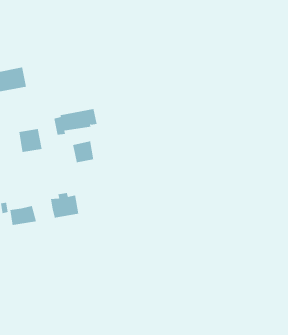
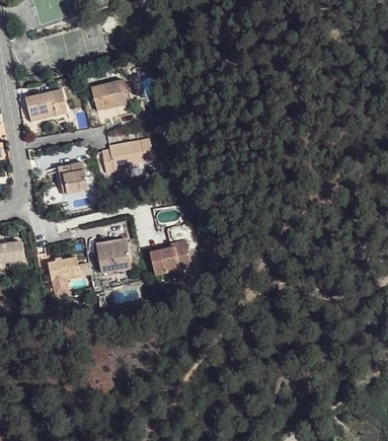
building: none -> [91,80,131,113]
building: [73,141,94,163] -> none
building: none -> [150,240,191,276]

